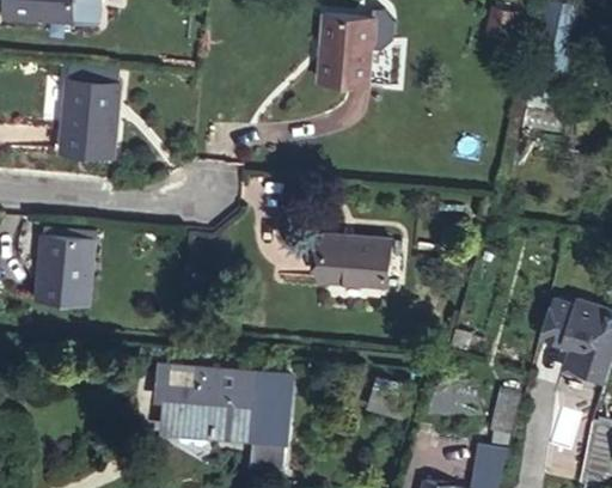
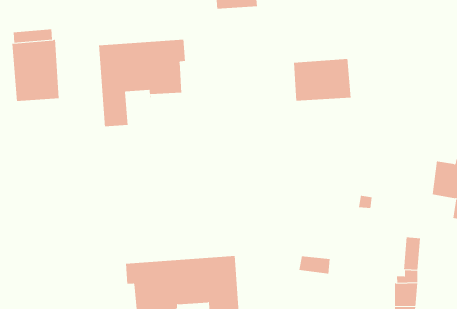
building: none -> [99,39,185,127]
building: [36,233,93,304] -> none
building: [318,233,390,287] -> [293,59,352,101]

